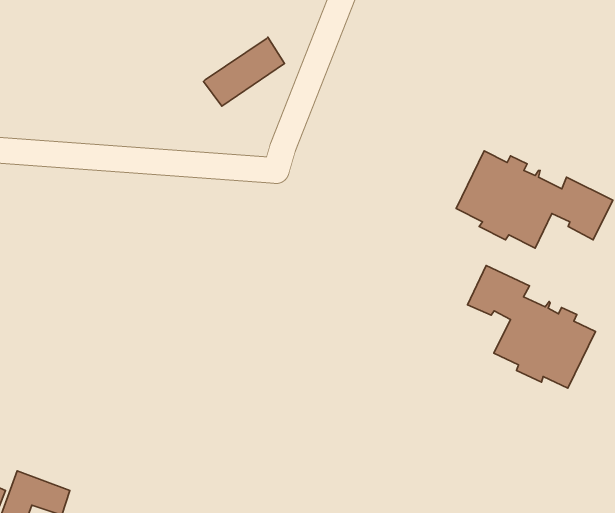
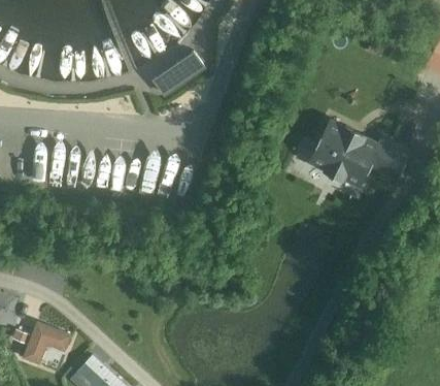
building: [467,265,596,388] -> none

